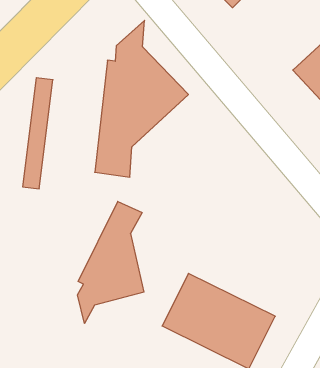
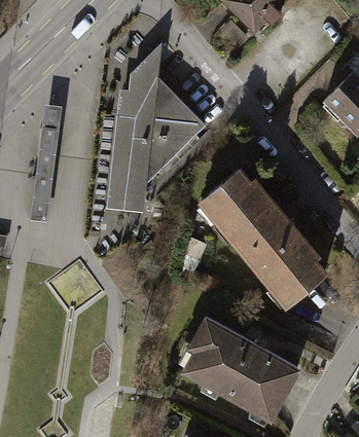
building: none -> [200,166,329,302]
building: [77,201,144,323] -> none

